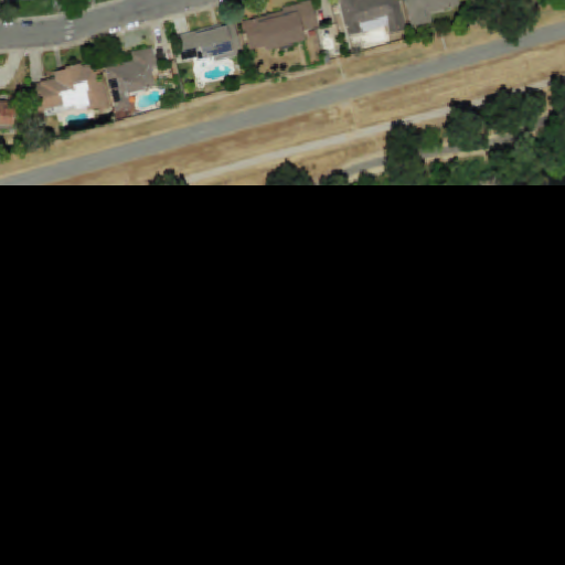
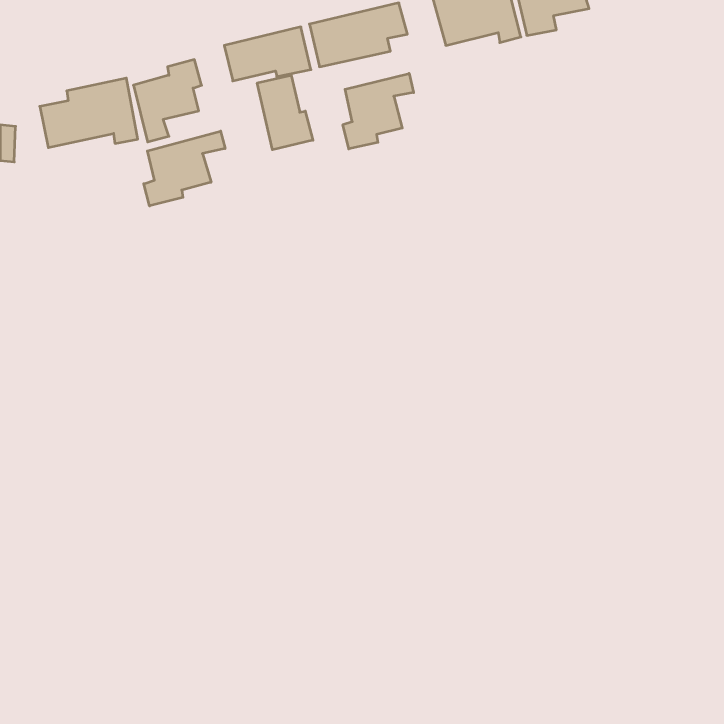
building: none -> [343,73,414,149]
building: none -> [257,75,313,150]
building: none -> [144,131,225,206]

